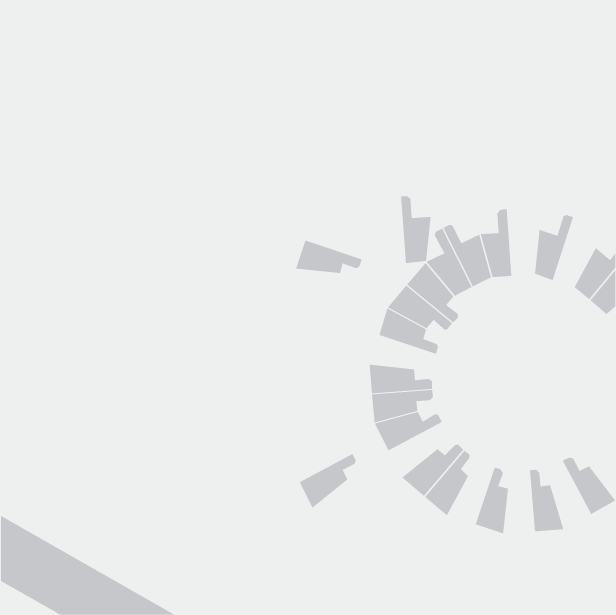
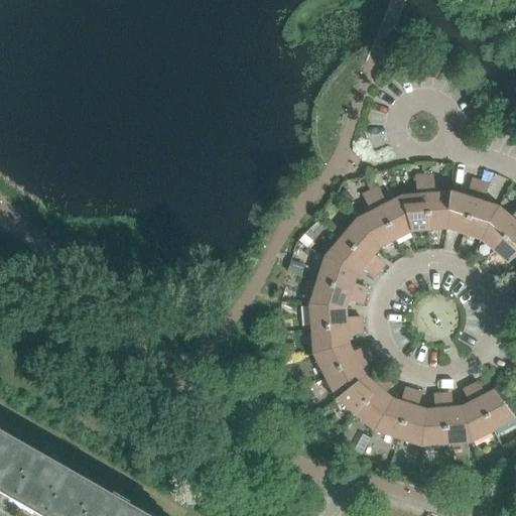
building: [400,196,432,263] -> [424,174,450,231]
building: none -> [463,181,498,240]
building: [295,240,363,274] -> [308,280,365,308]
building: [299,453,357,509] -> [325,353,373,399]
building: none -> [461,385,494,442]
building: none -> [374,388,413,438]
building: none -> [421,393,446,446]

